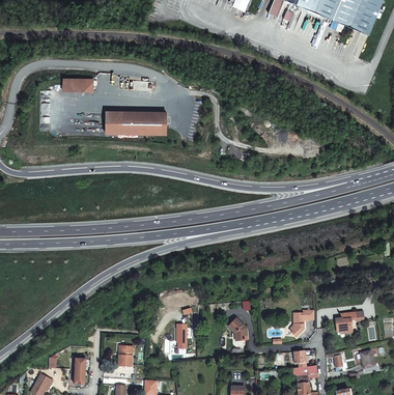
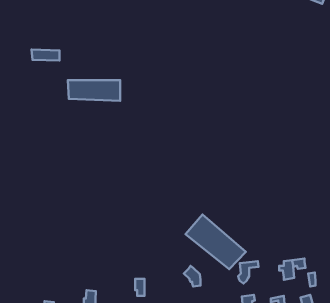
building: none -> [185,214,246,269]

